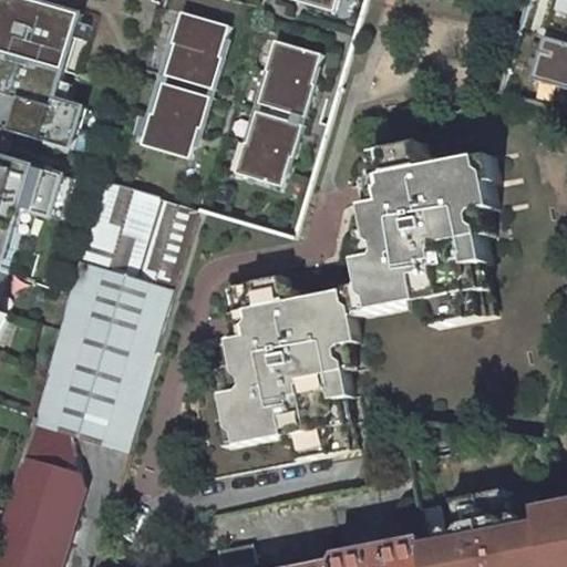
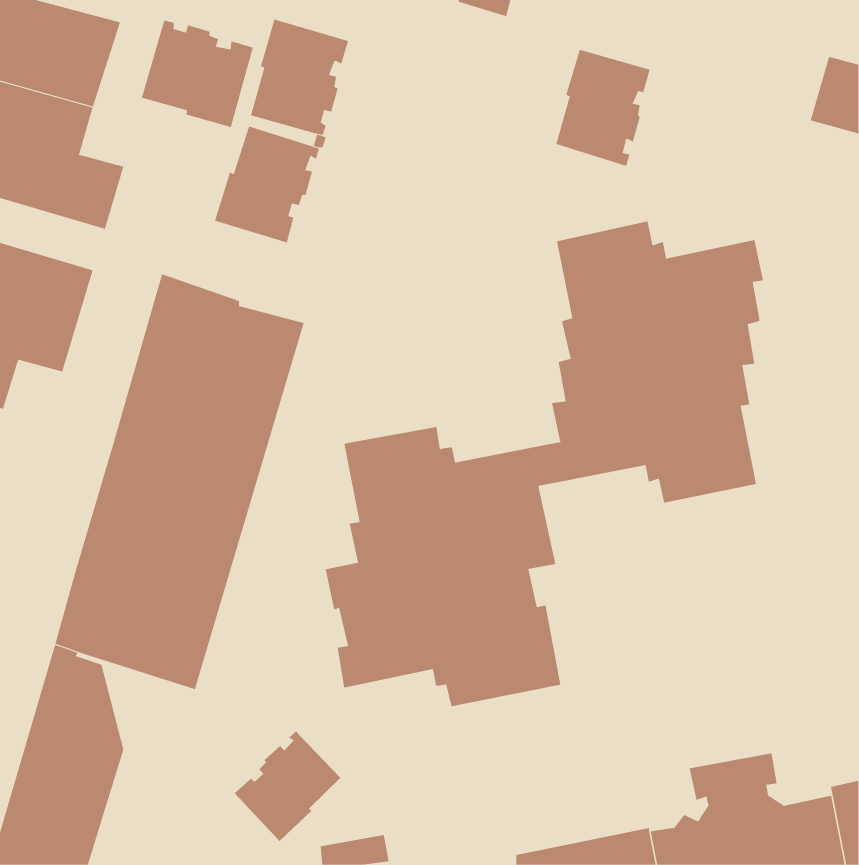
building: none -> [141,20,254,128]
building: [257,41,319,117] -> [555,49,651,166]
building: [233,112,301,187] -> none
building: none -> [234,730,341,842]

